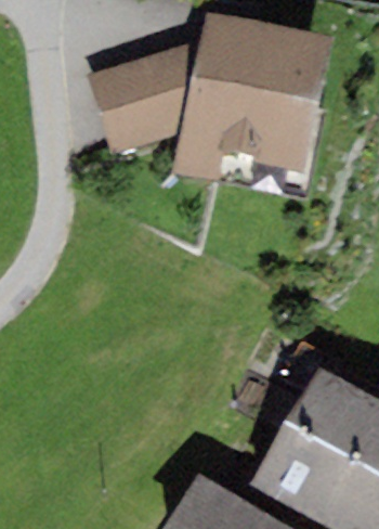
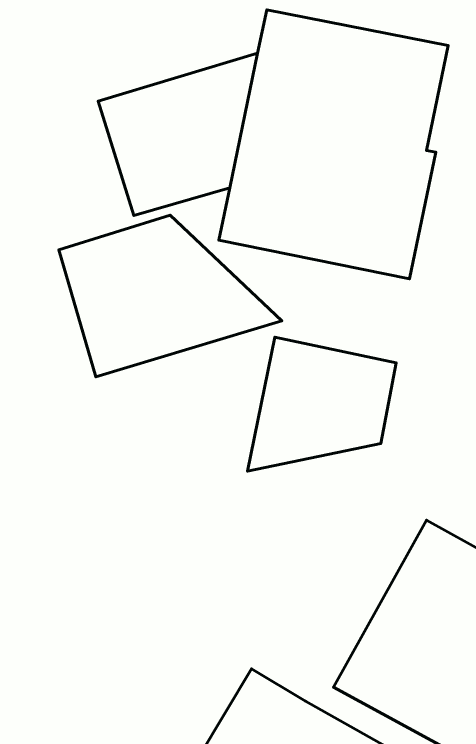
building: none -> [59,215,282,377]
building: none -> [247,337,396,471]

